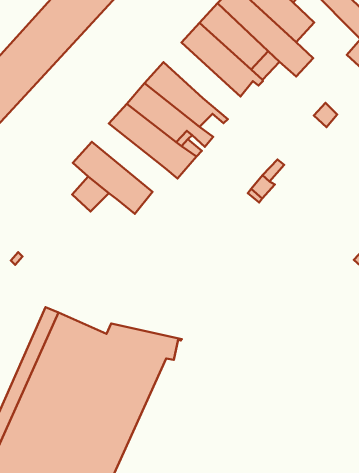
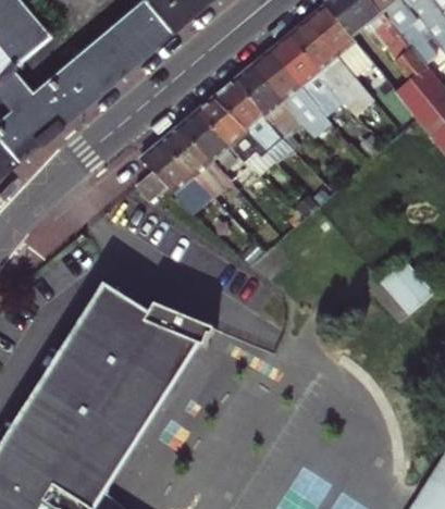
building: none -> [234,64,293,138]
building: none -> [160,127,222,198]

